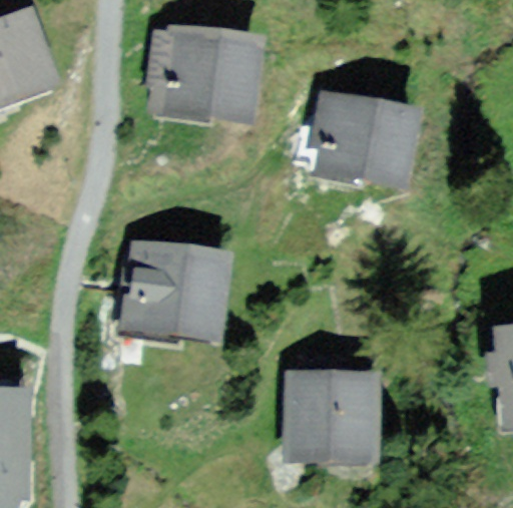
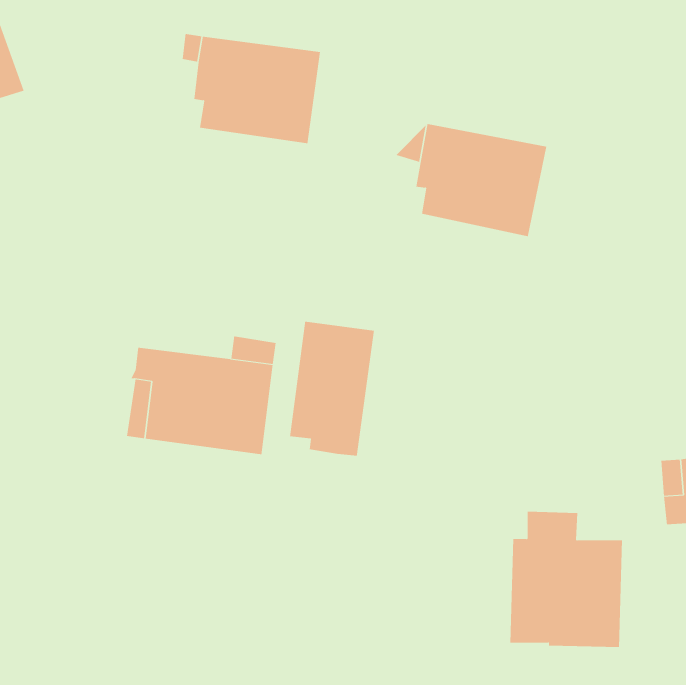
building: none -> [290,321,375,456]
building: [295,365,374,460] -> [510,511,623,647]

